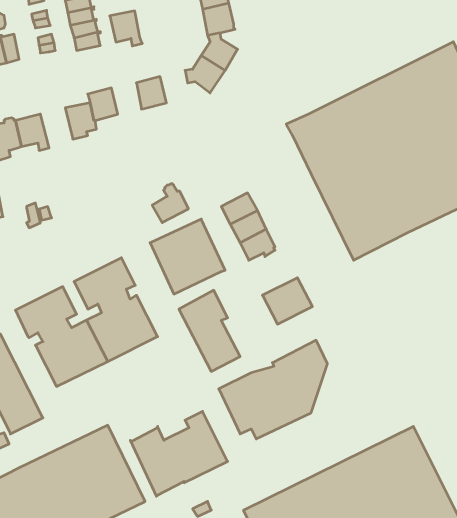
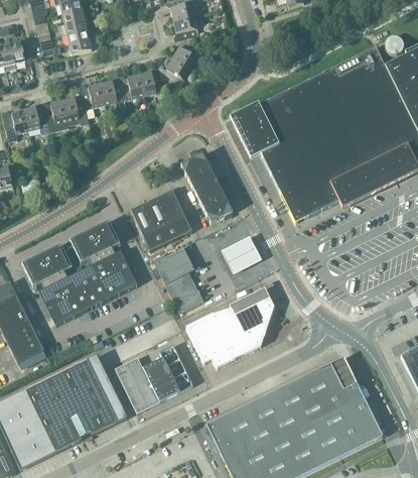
building: [110,11,142,46] -> [100,79,126,107]
building: none -> [139,69,164,95]
building: none -> [42,99,68,131]
building: [152,184,188,223] -> [180,147,210,178]

